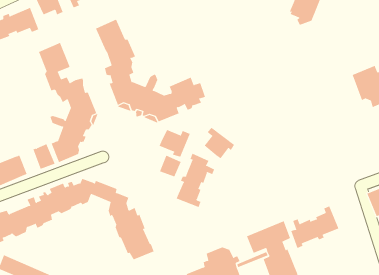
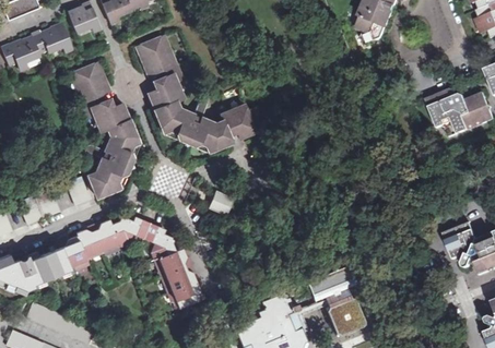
building: [204,127,235,159] -> none
building: [159,129,190,158] -> none
building: [176,153,215,208] -> none
building: [291,206,339,249] -> none

